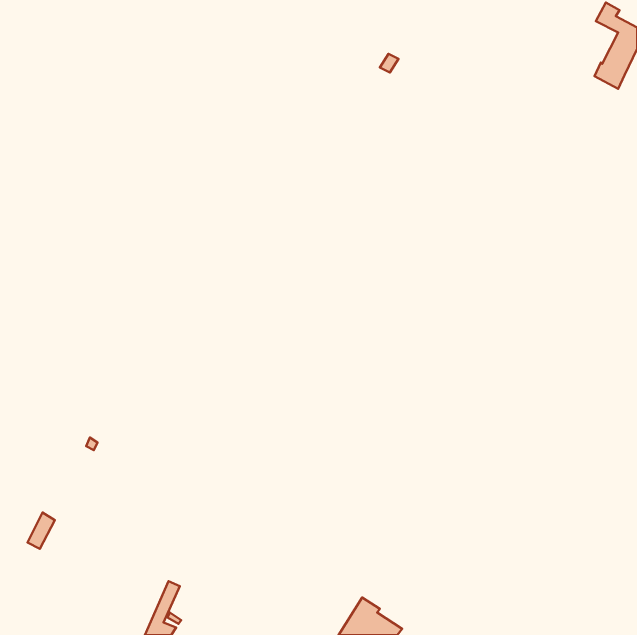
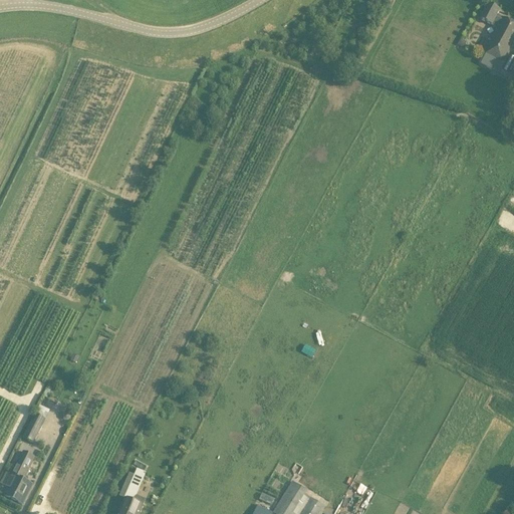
building: none -> [4,450,34,502]

